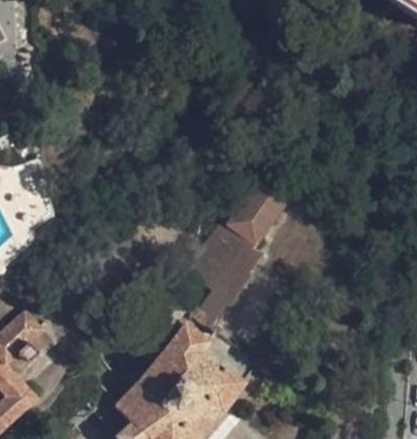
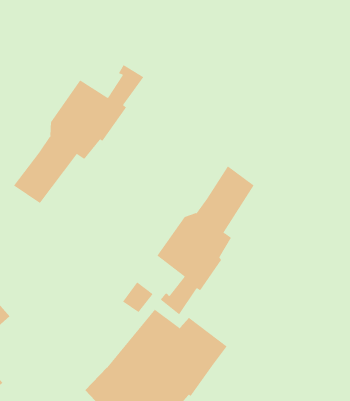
building: none -> [13,64,144,204]

